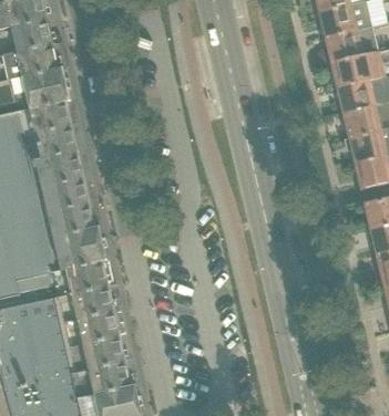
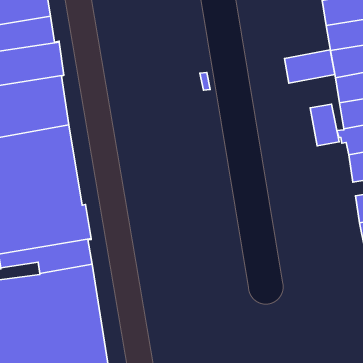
building: none -> [284,50,335,83]
building: none -> [310,104,339,146]

